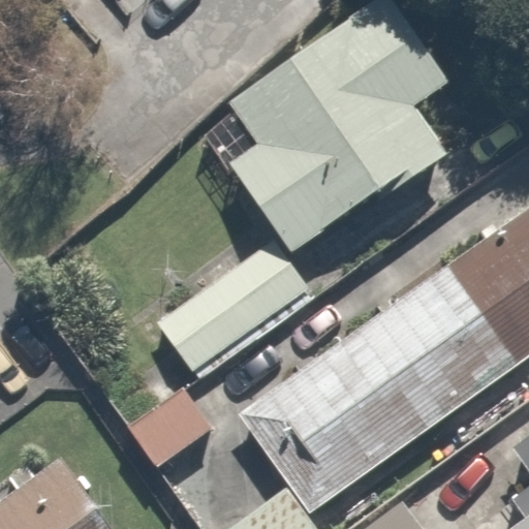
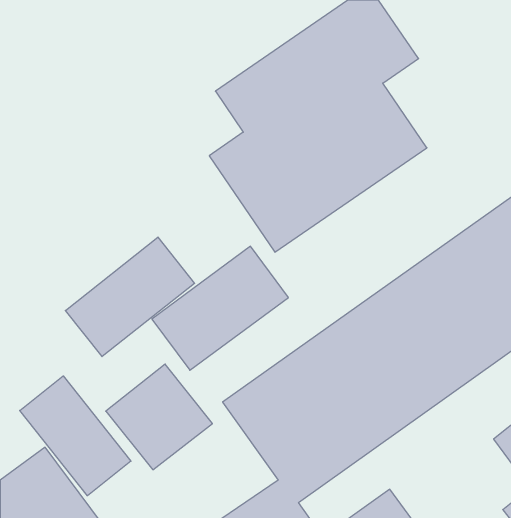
building: none -> [65,237,195,357]
building: none -> [20,376,131,496]

